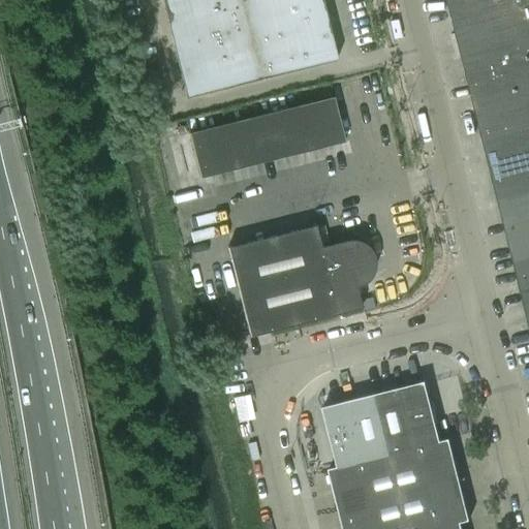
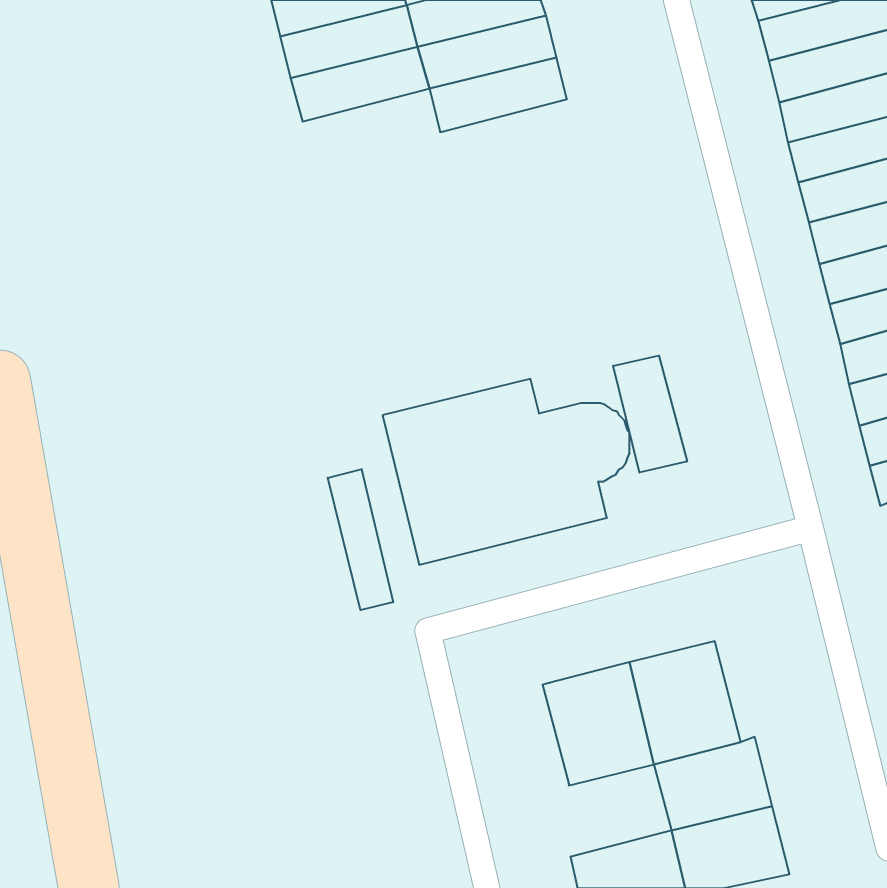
building: [181,53,262,97] -> none
building: [191,96,347,173] -> none
building: none -> [613,356,687,473]
building: none -> [328,469,393,610]
building: [330,455,400,509] -> none

